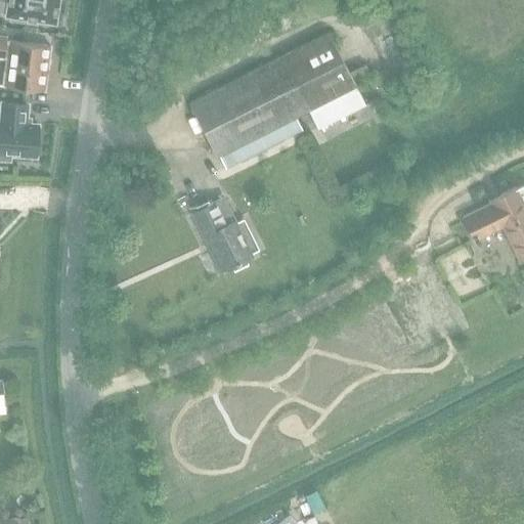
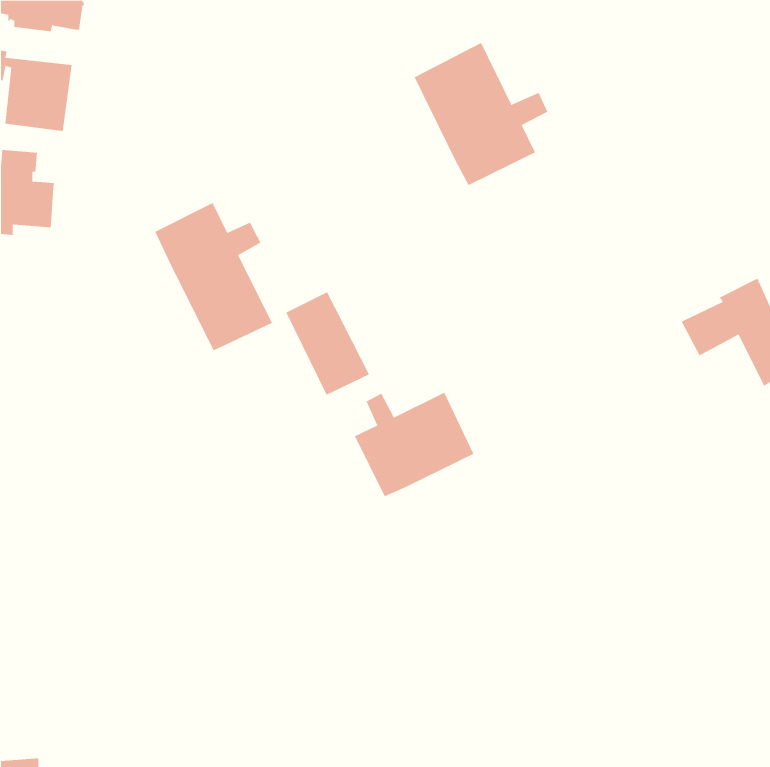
building: [189,55,309,161] -> none
building: none -> [155,202,273,351]
building: none -> [354,392,474,497]

